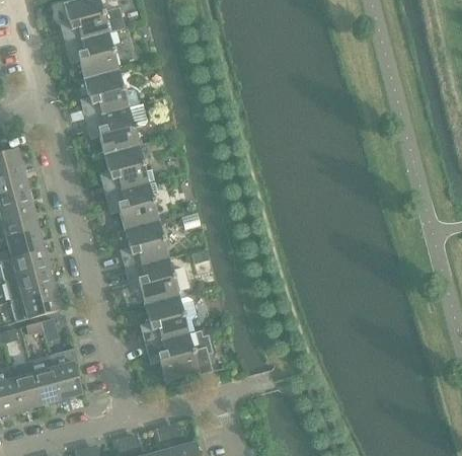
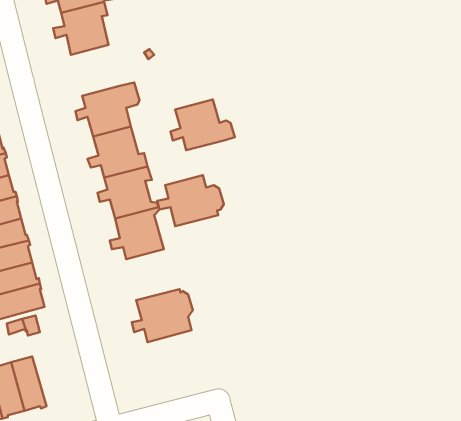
building: [79,70,138,117] -> [171,99,235,150]
building: [127,257,187,304] -> [157,175,224,226]
building: [147,330,212,380] -> none
building: [48,349,81,401] -> none

